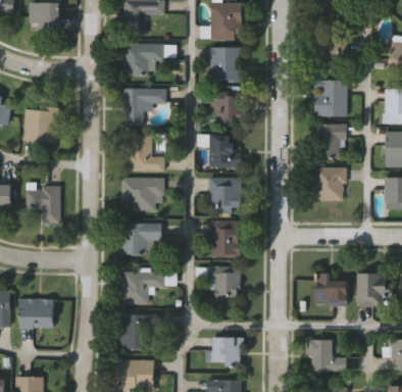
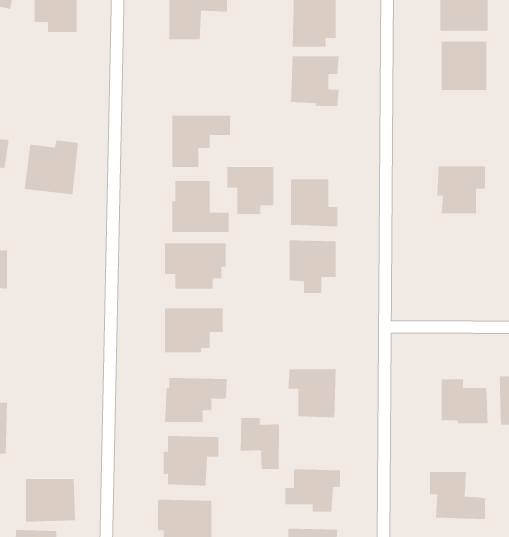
building: [123,42,165,76] -> none
building: [313,79,349,116] -> none
building: [209,91,243,125] -> [226,167,274,214]
building: [314,166,348,200] -> none
building: [26,183,60,228] -> none
building: [210,219,243,256] -> none
building: [18,298,54,329] -> [25,479,76,522]
building: none -> [240,417,279,470]

